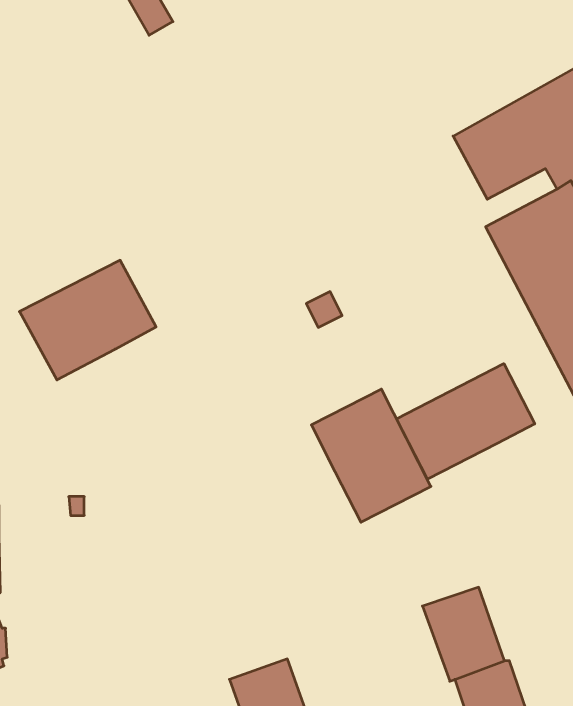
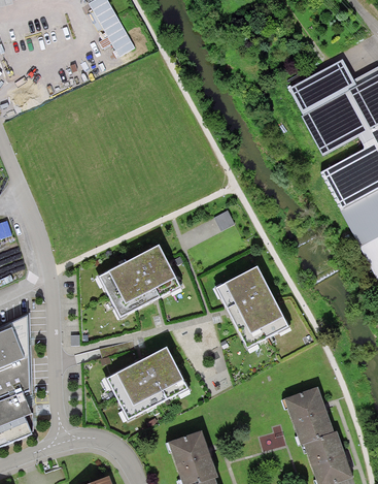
building: none -> [286,57,354,112]
building: [19,260,156,380] -> [98,245,180,317]
building: [397,364,535,479] -> none
building: none -> [106,348,187,420]

